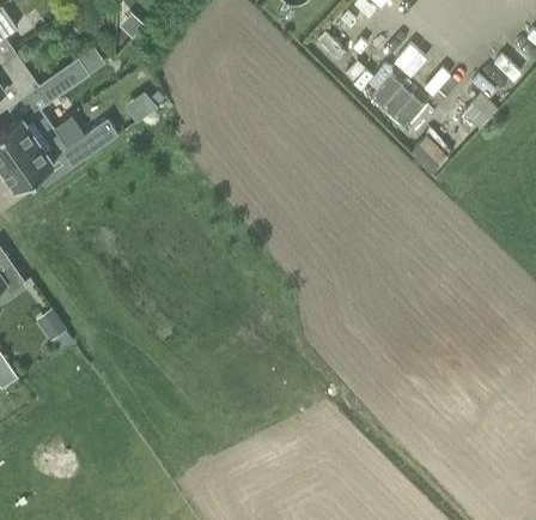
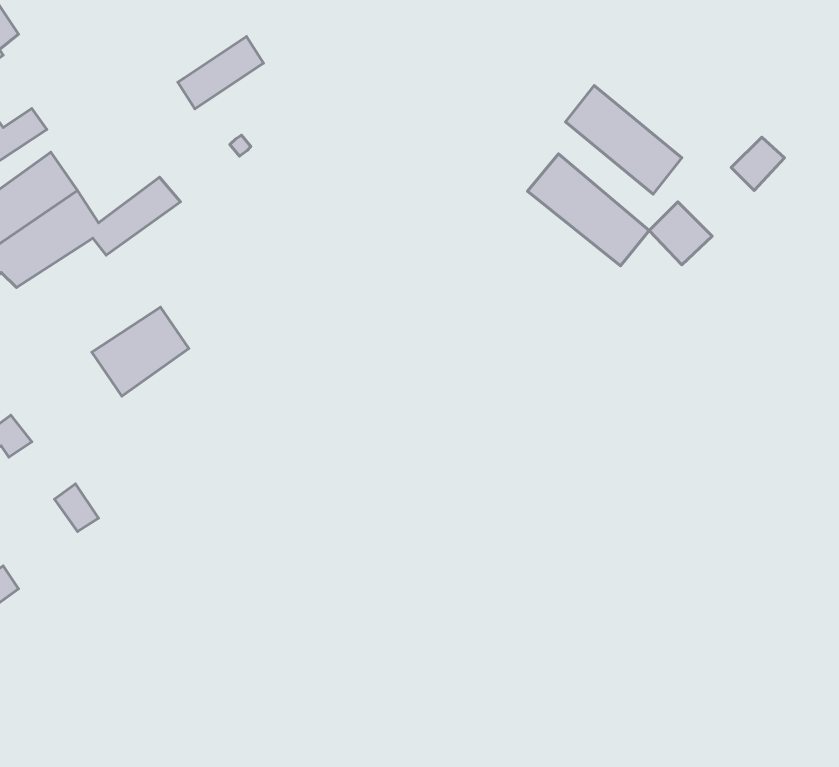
building: [32,61,86,107] -> [178,36,264,109]
building: none -> [528,154,649,266]
building: none -> [92,307,189,396]

